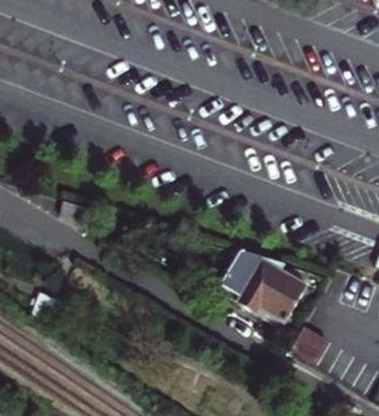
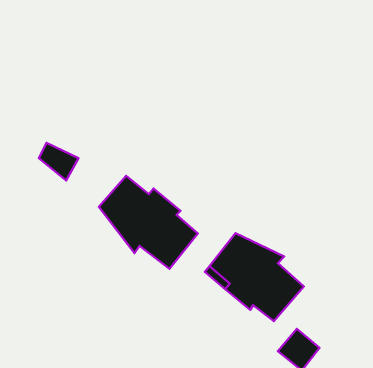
building: none -> [99,176,198,269]

